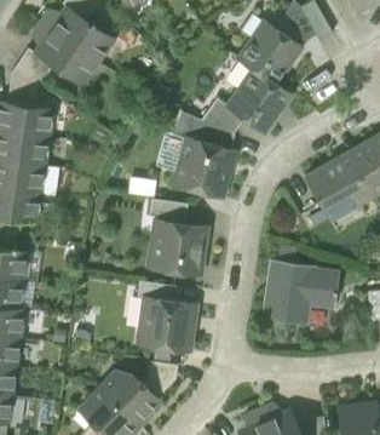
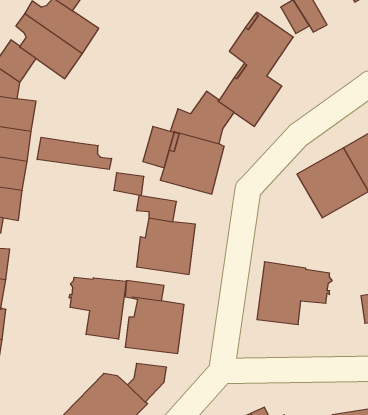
building: none -> [37,137,112,169]
building: none -> [69,277,126,339]

